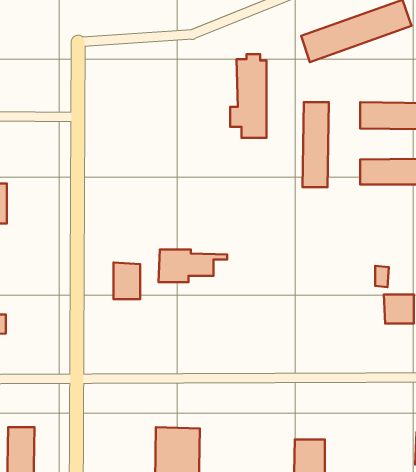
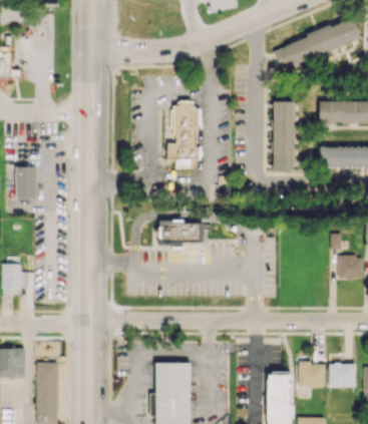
building: [230,54,267,138] -> [167,101,197,168]
building: [113,263,140,299] -> none
building: none -> [299,363,325,387]
building: none -> [329,363,356,387]

